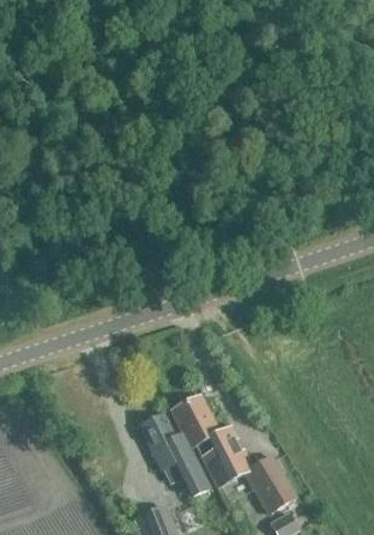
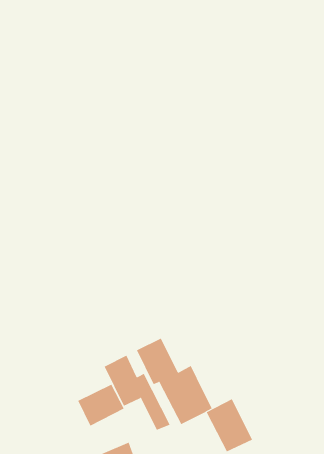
building: none -> [77,384,125,426]

